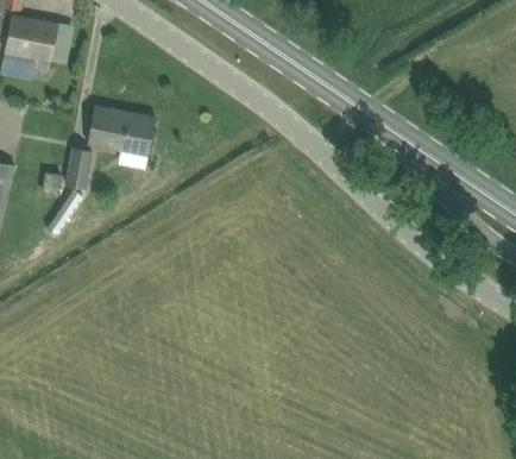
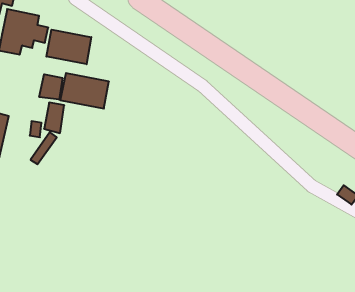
building: none -> [46,30,91,64]
building: none -> [39,74,62,100]

